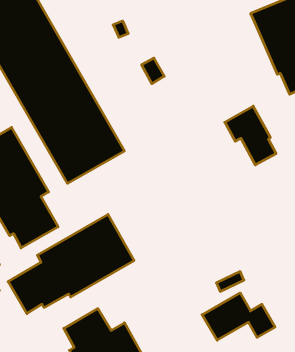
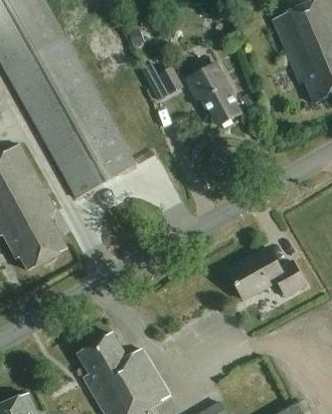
building: [225,106,276,165] -> [184,63,238,126]
building: [8,214,134,314] -> none
building: [202,293,275,340] -> [225,248,303,298]

